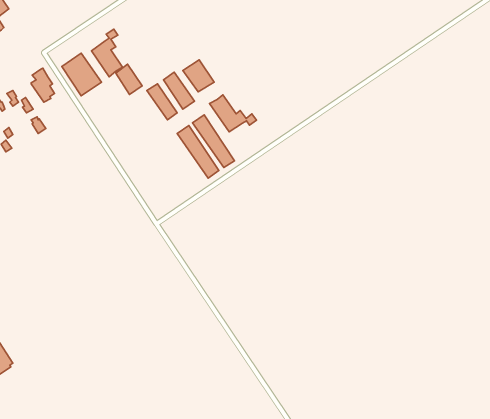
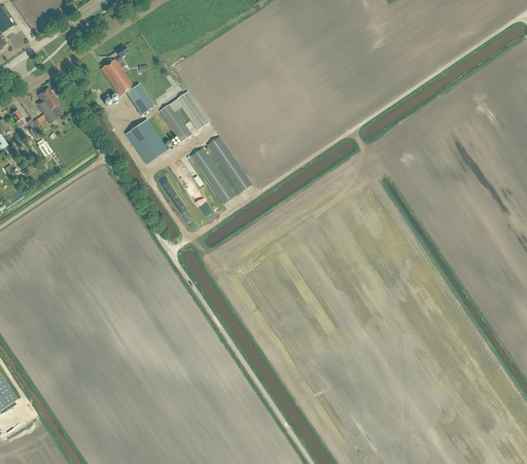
building: [62,53,102,96] -> [126,118,168,164]
building: [183,60,214,92] -> none
building: [210,95,256,132] -> none

